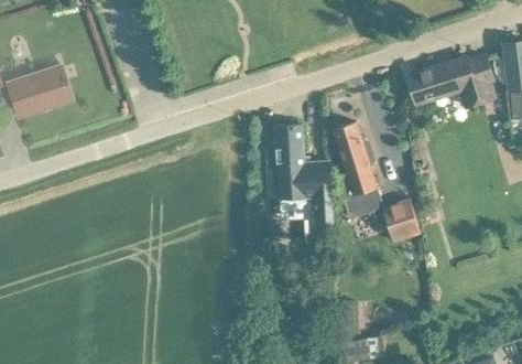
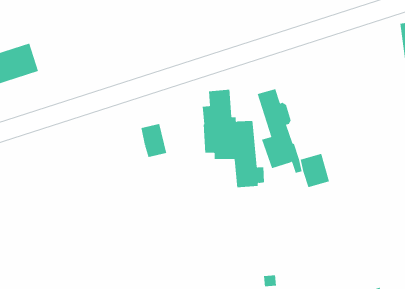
building: [407,55,494,105] -> none
building: none -> [141,123,167,158]

